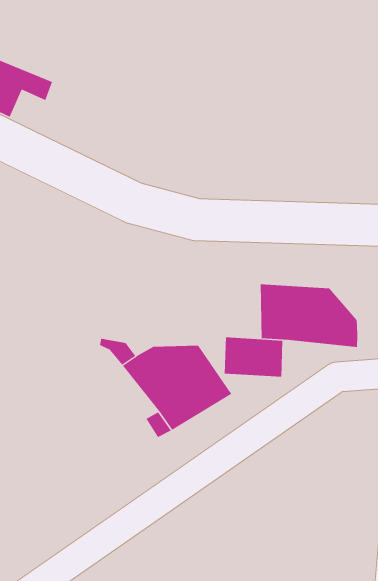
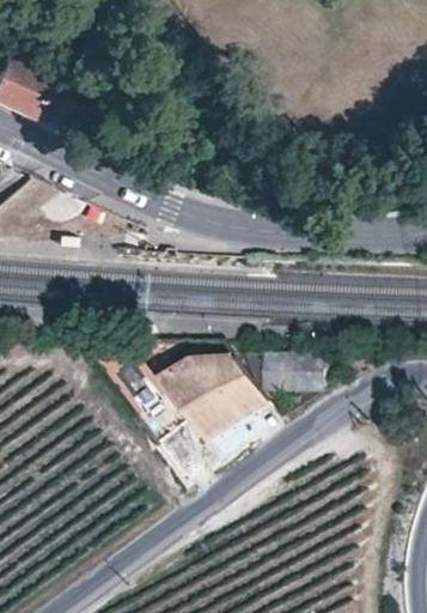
building: [260,283,358,348] -> none

